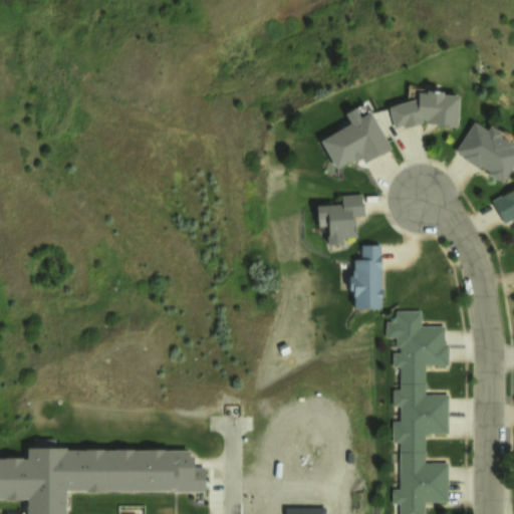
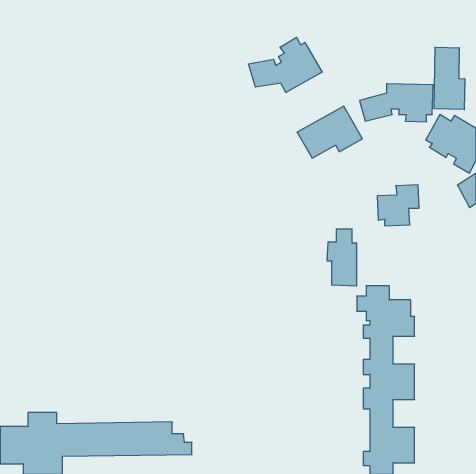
building: none -> [249,37,322,93]
building: none -> [434,47,465,110]
building: [319,193,364,237] -> [377,185,419,226]

